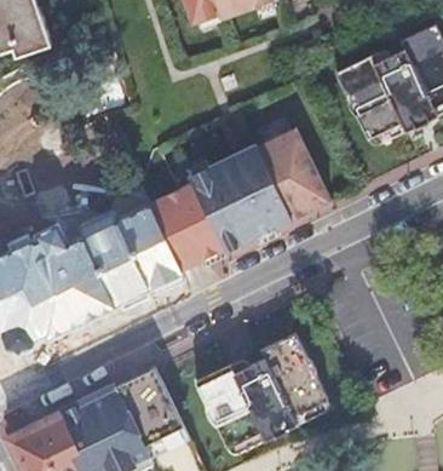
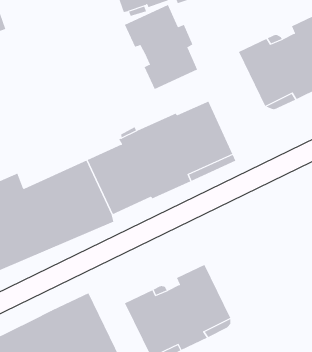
building: none -> [124,4,198,90]

